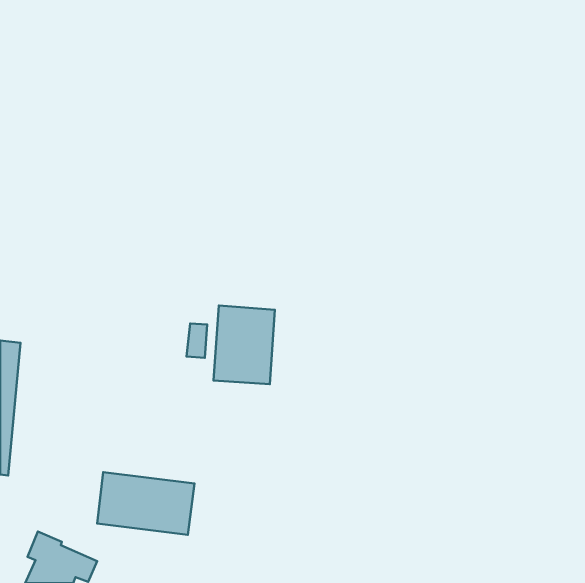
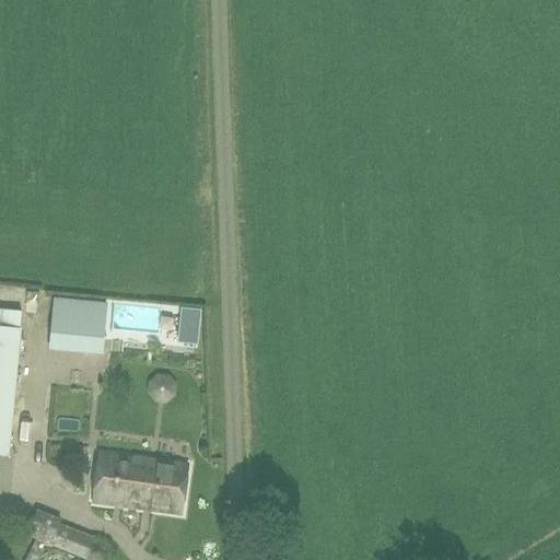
building: [214,305,275,384] -> none
building: none -> [50,306,104,351]

